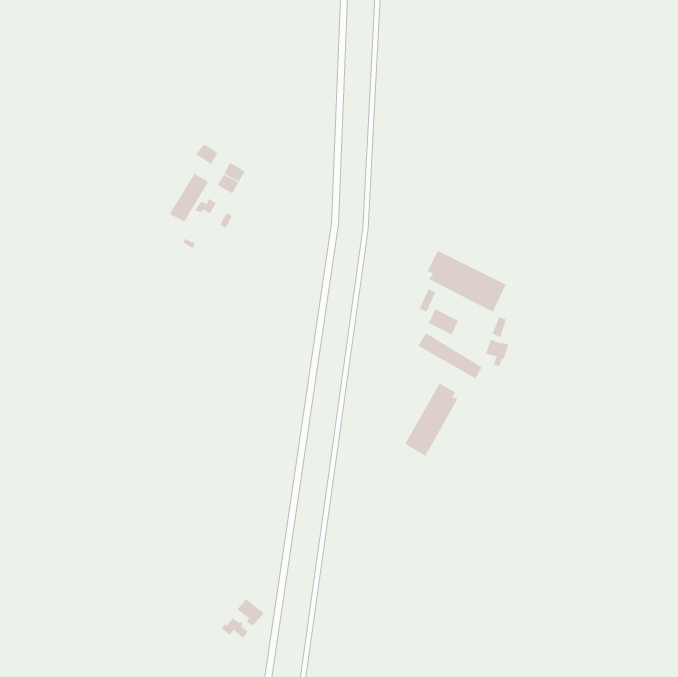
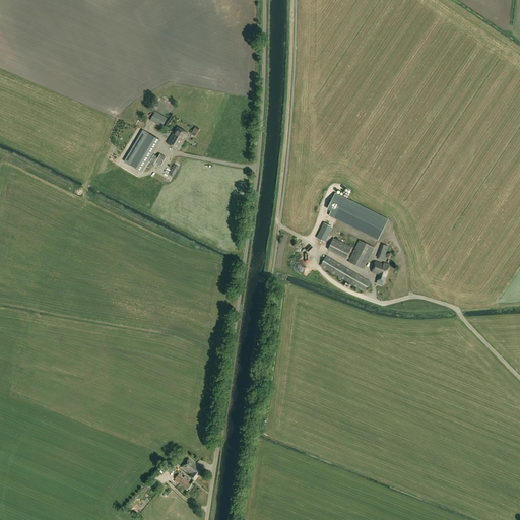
building: none -> [347,238,373,267]
building: [404,383,458,457] -> none

